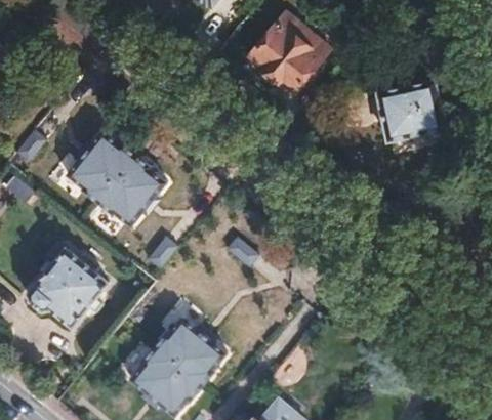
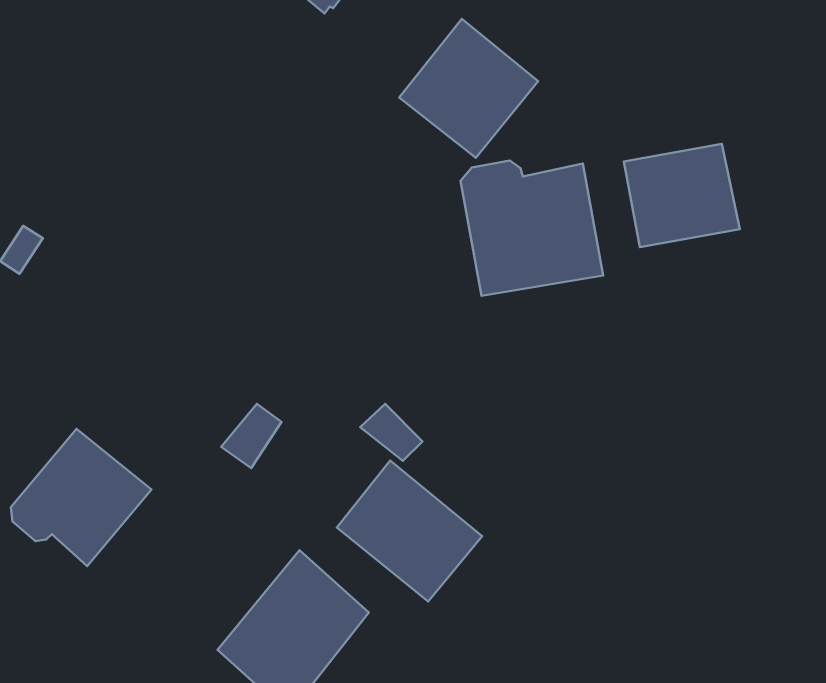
building: none -> [460,160,603,296]
building: [76,134,168,223] -> none
building: none -> [337,461,482,601]

